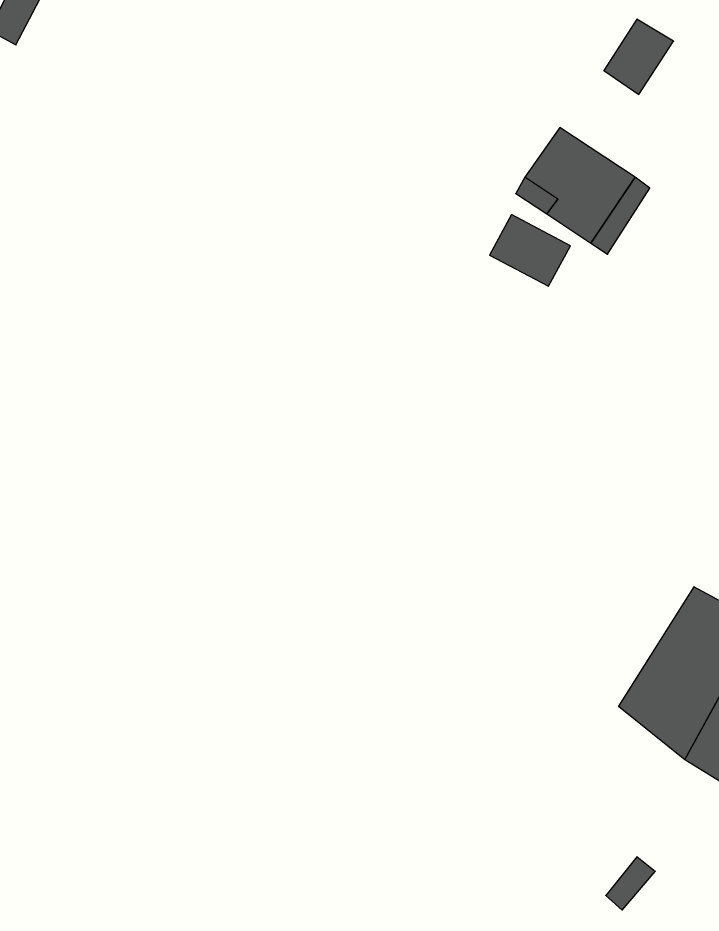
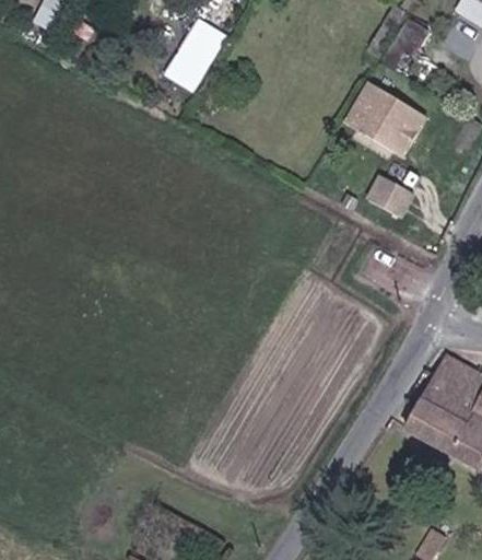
building: none -> [163,19,224,91]
building: [490,215,570,286] -> [365,176,413,219]

